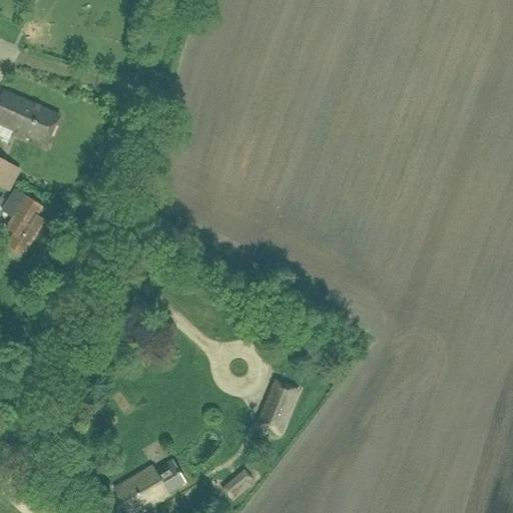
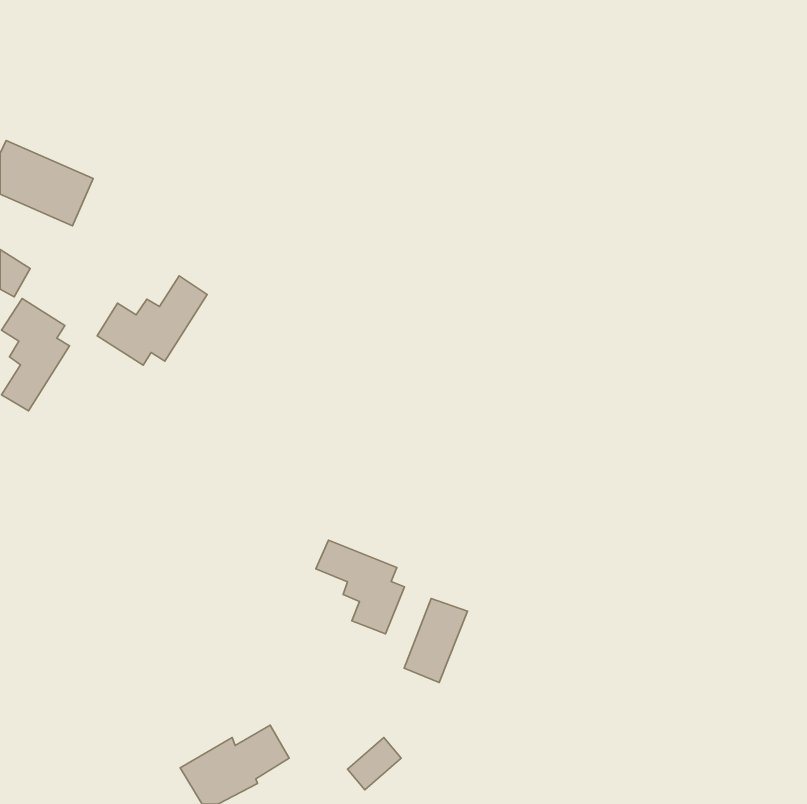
building: none -> [97,276,207,365]
building: none -> [316,540,404,634]

